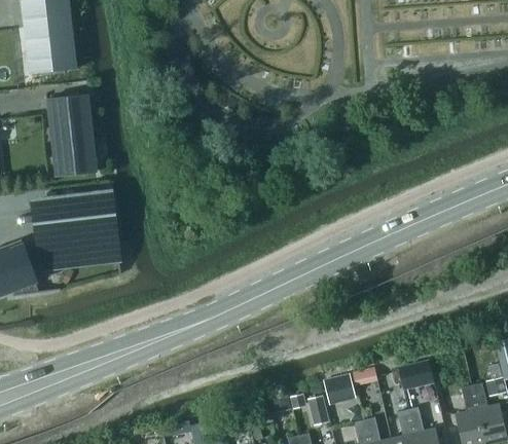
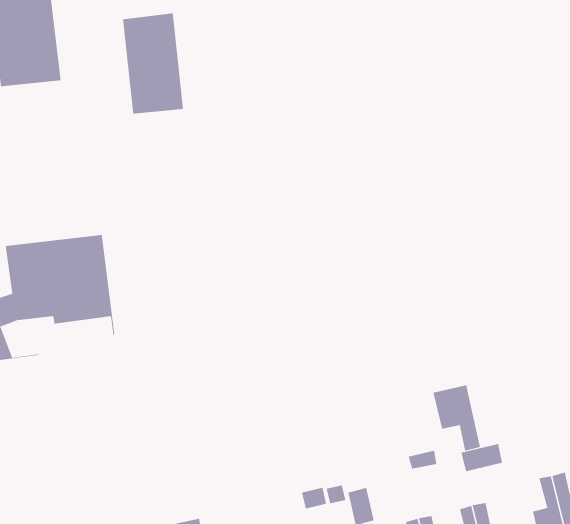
building: [46,94,96,175] -> [122,13,184,114]
building: none -> [433,384,481,452]
building: [322,373,355,405] -> none

